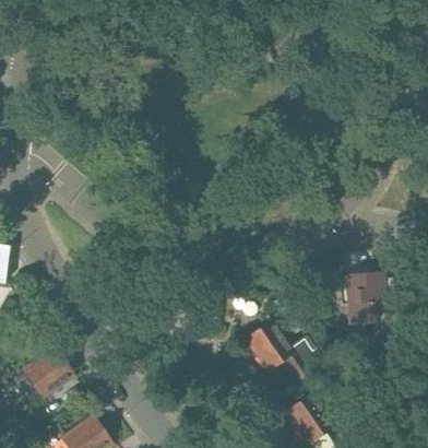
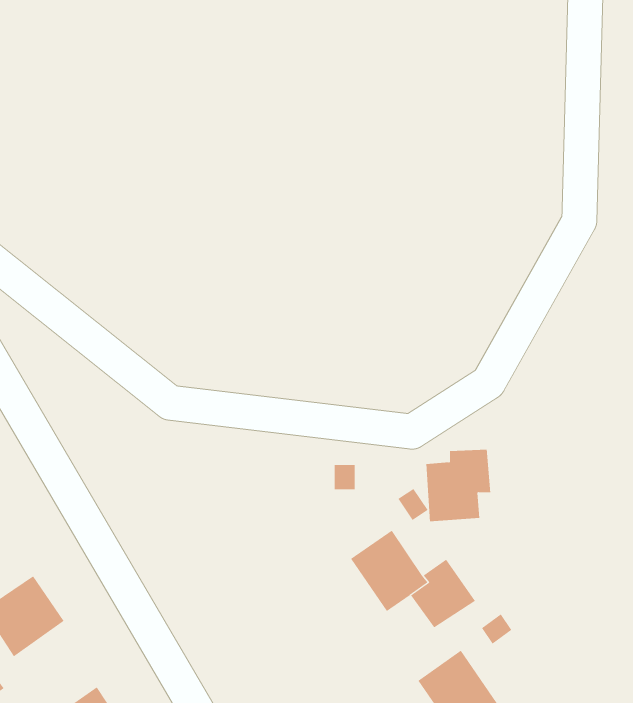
building: [345,273,384,317] -> [426,449,491,522]

